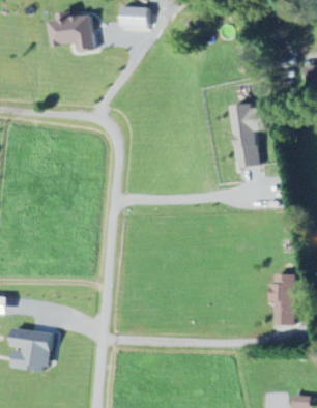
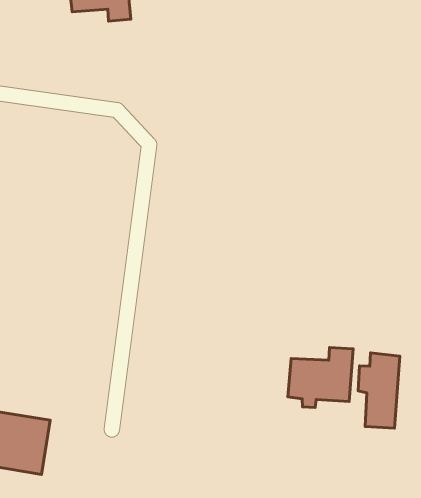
building: [232,103,265,167] -> none
building: none -> [288,347,353,407]

